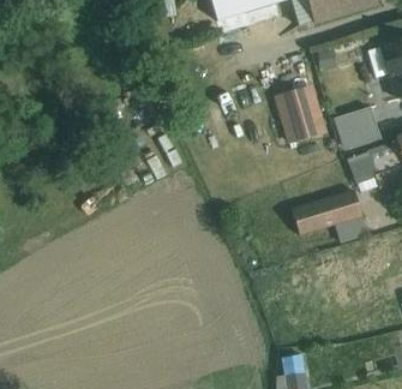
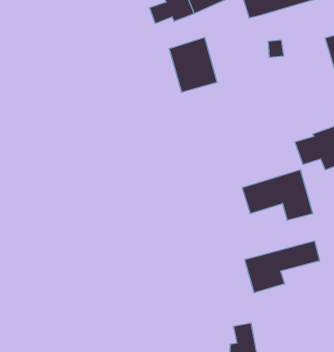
building: [275,83,326,142] -> [169,38,217,92]
building: [334,104,380,149] -> none
building: none -> [245,241,320,293]

